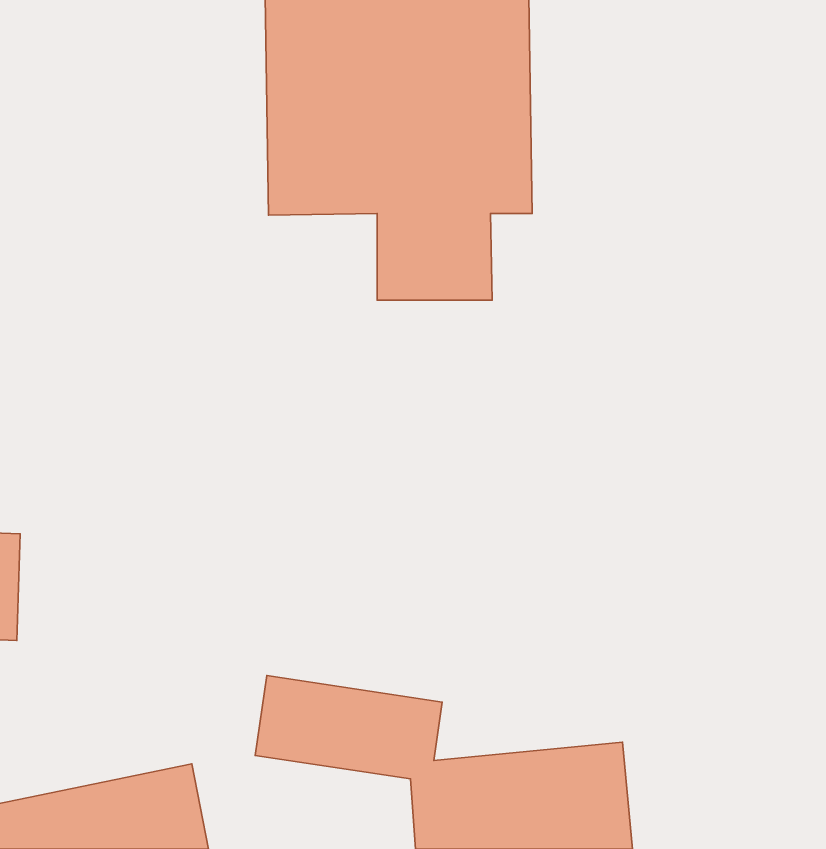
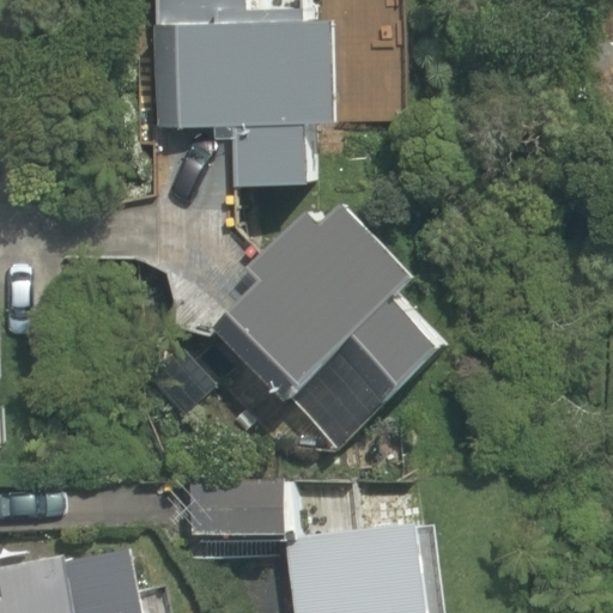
building: none -> [255,221,505,424]

